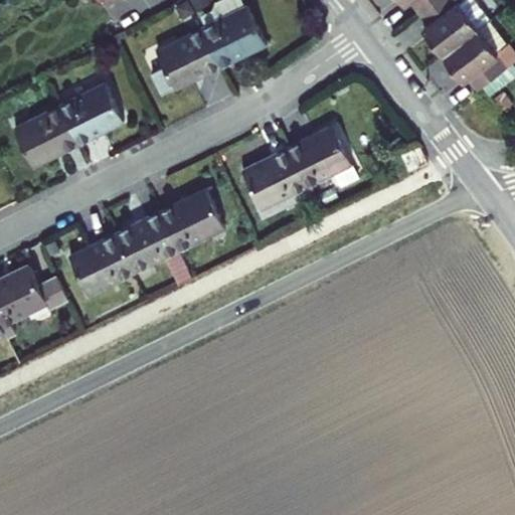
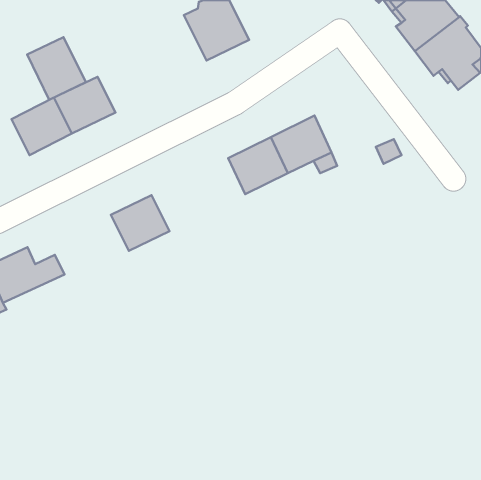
building: [149,30,219,98] -> none
building: none -> [27,37,86,100]
building: [161,189,225,249] -> none
building: [72,232,137,294] -> none

